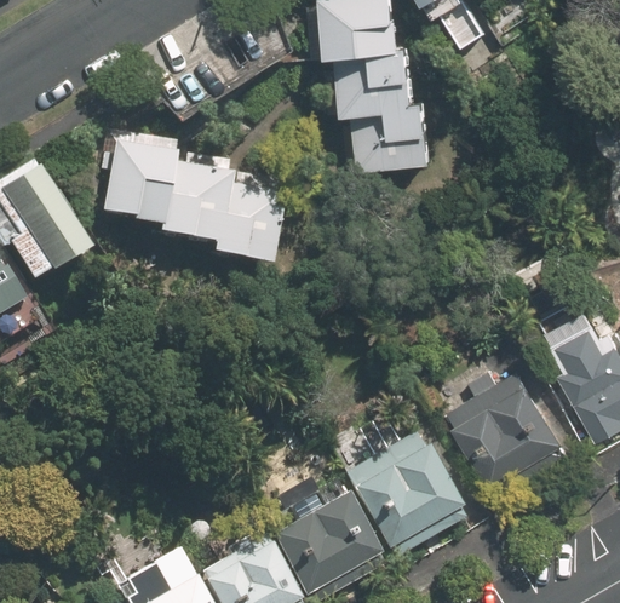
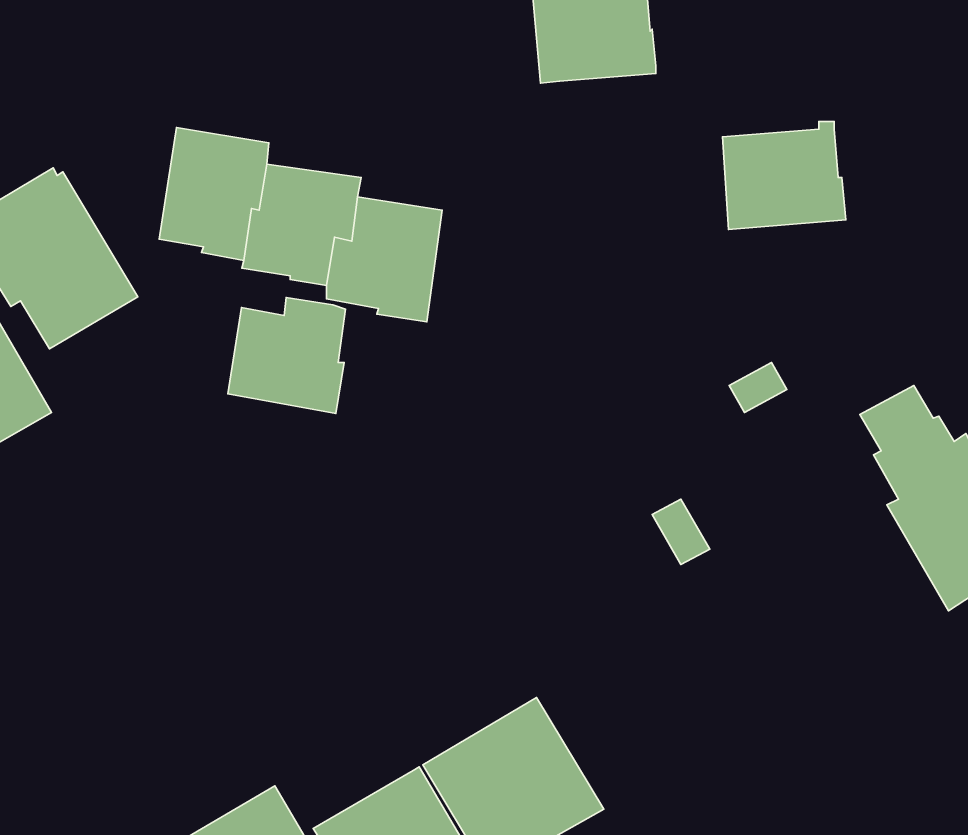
building: [352,98,430,166] -> [723,122,846,229]
building: none -> [228,298,345,413]
building: [446,374,567,499] -> none
building: [340,432,465,561] -> none

